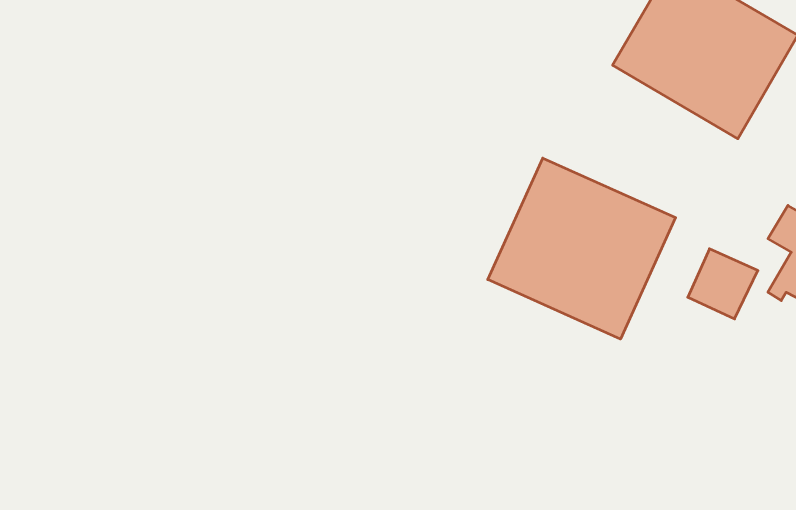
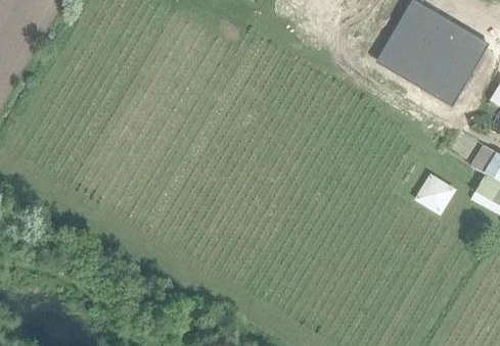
building: [488,158,676,339] -> none

